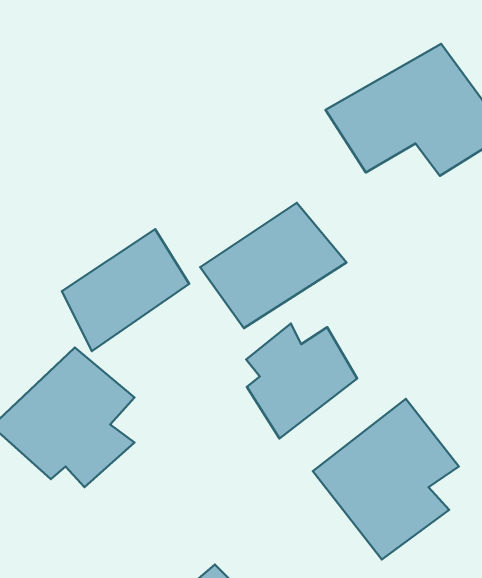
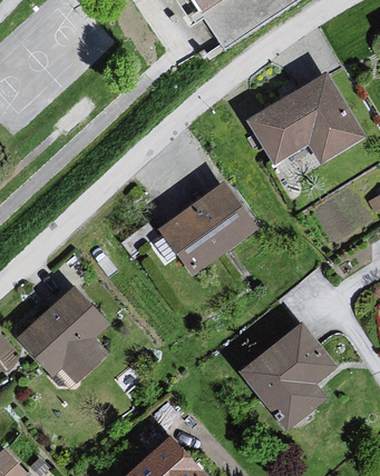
building: [62,229,189,351] -> none
building: [246,323,357,439] -> none

